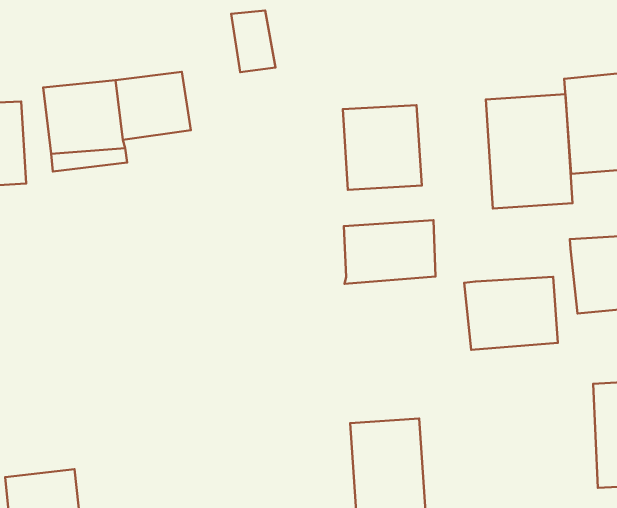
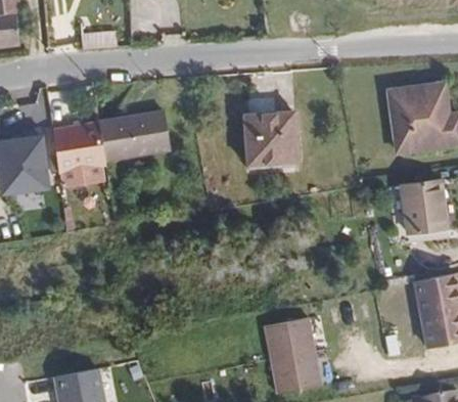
building: [231,11,276,72] -> [139,102,171,143]
building: [486,94,572,209] -> none
building: [344,220,435,284] -> none
building: [464,277,558,350] -> none

